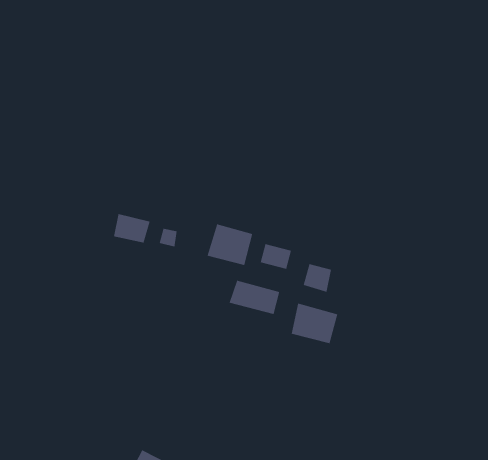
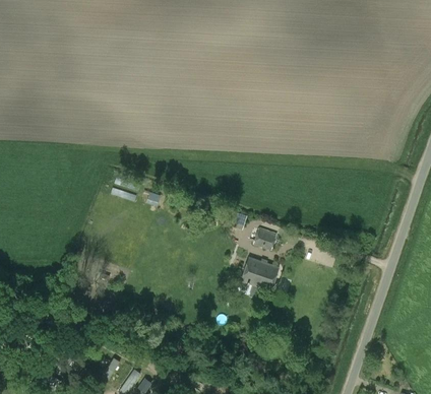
building: [207,223,253,266] -> none
building: [229,280,280,315] -> none

